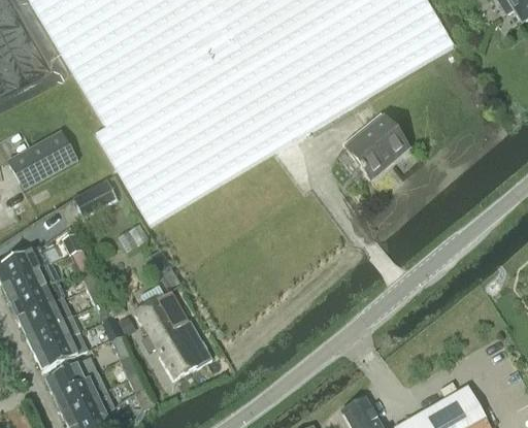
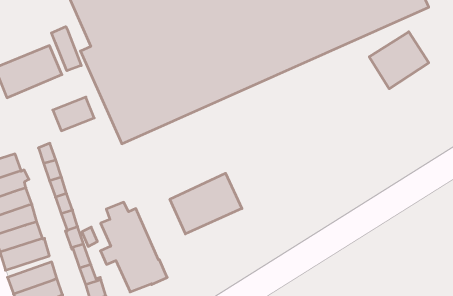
building: none -> [51,27,81,71]
building: [345,119,408,180] -> [369,32,429,89]
building: none -> [170,173,242,234]

